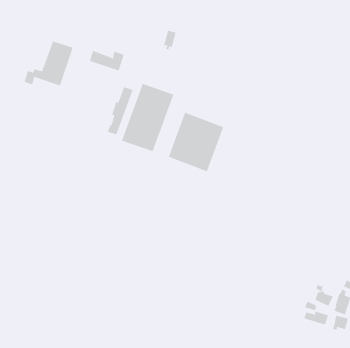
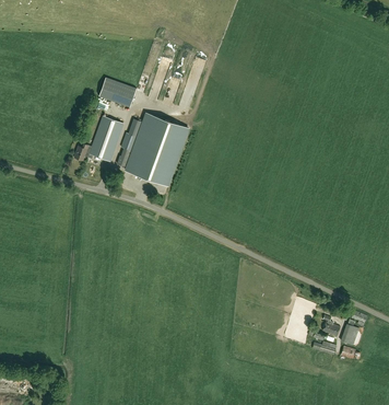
building: [24,41,74,86] -> [75,117,125,162]
building: [168,112,224,172] -> none

